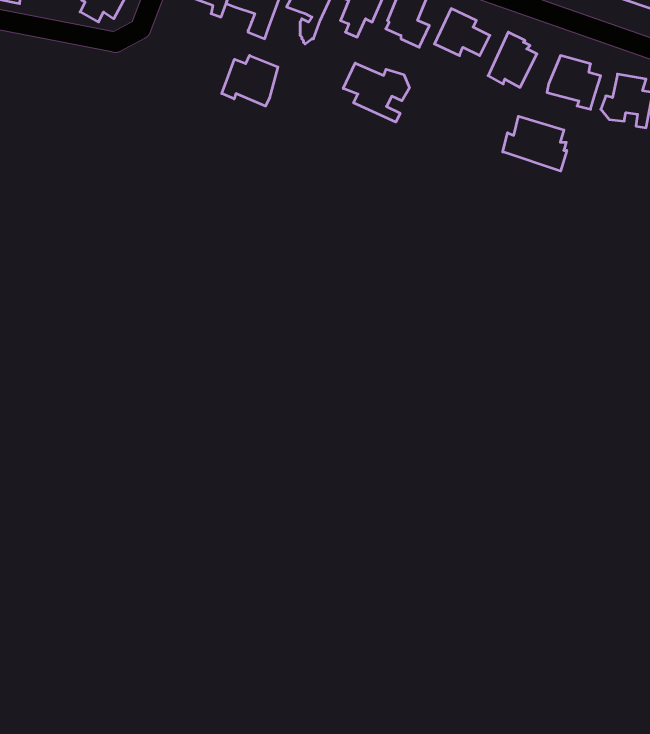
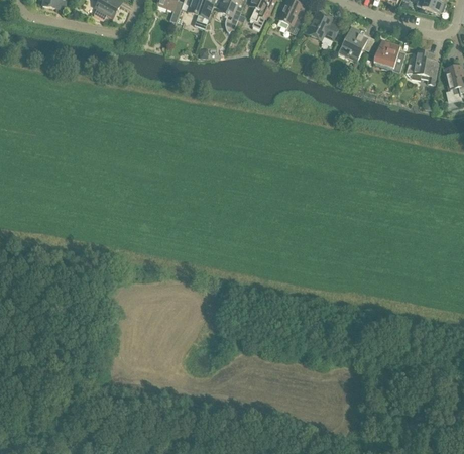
building: [222,55,278,106] -> none
building: [343,63,409,122] -> none
building: [503,116,567,171] -> none

